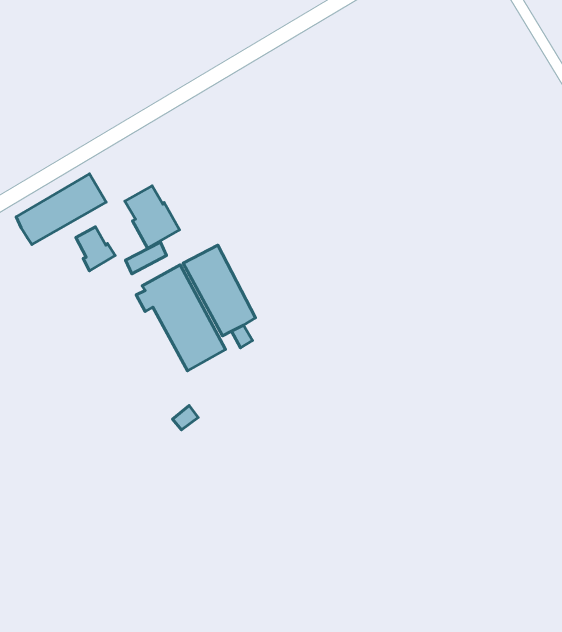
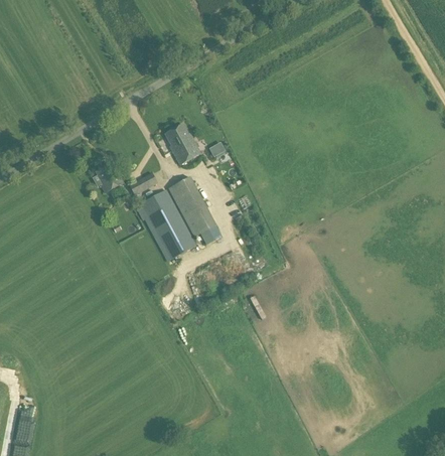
building: [16,174,106,245] -> none
building: [125,186,179,248] -> [164,124,200,165]

